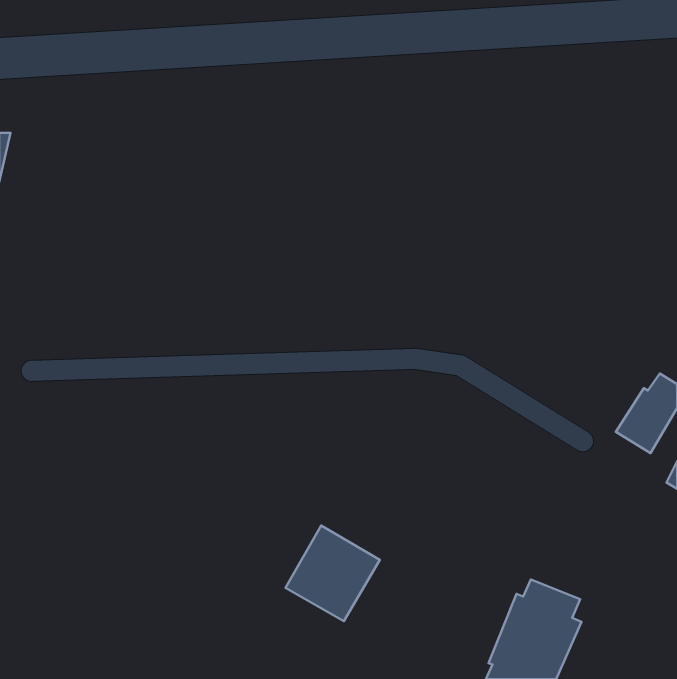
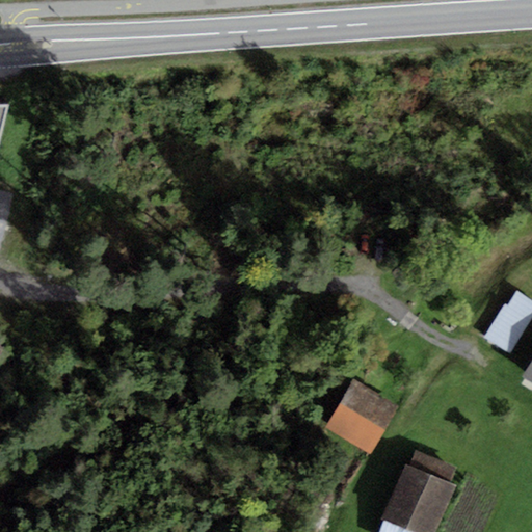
building: [285,525,380,621] -> [324,379,398,454]

